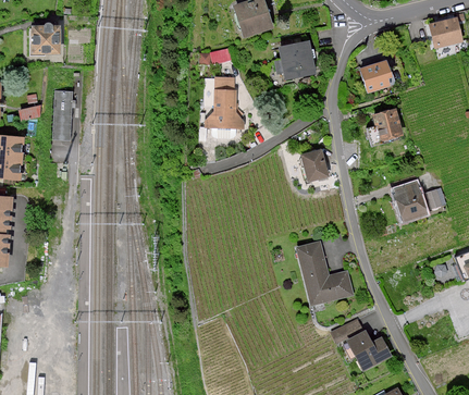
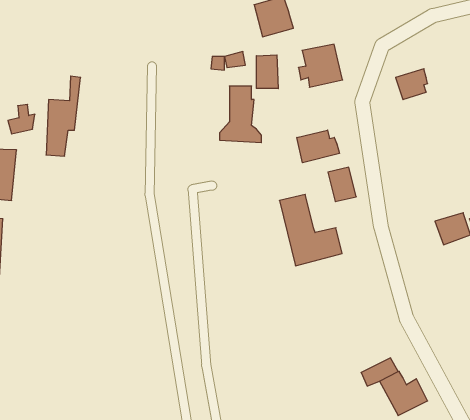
building: [32,26,59,53] -> none
building: none -> [256,55,278,89]
building: [374,110,402,140] -> none
building: none -> [297,130,339,163]
building: [296,243,351,306] -> [279,194,342,266]

